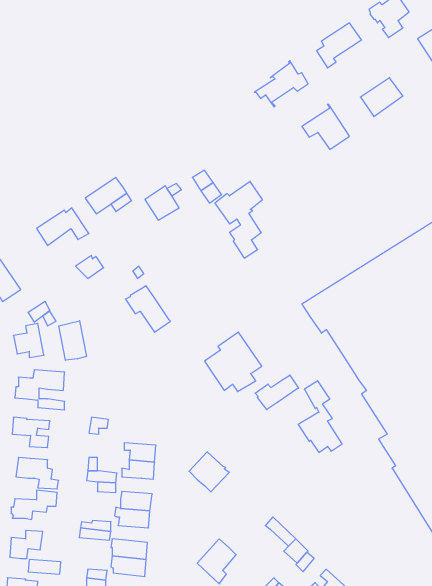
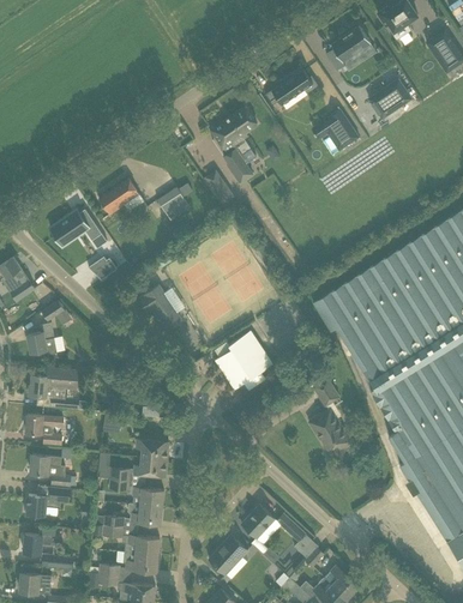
building: [215,181,262,258] -> [210,107,257,182]
building: [59,321,86,360] -> none
building: [255,375,299,410] -> none
building: [189,452,229,492] -> [241,505,281,544]

